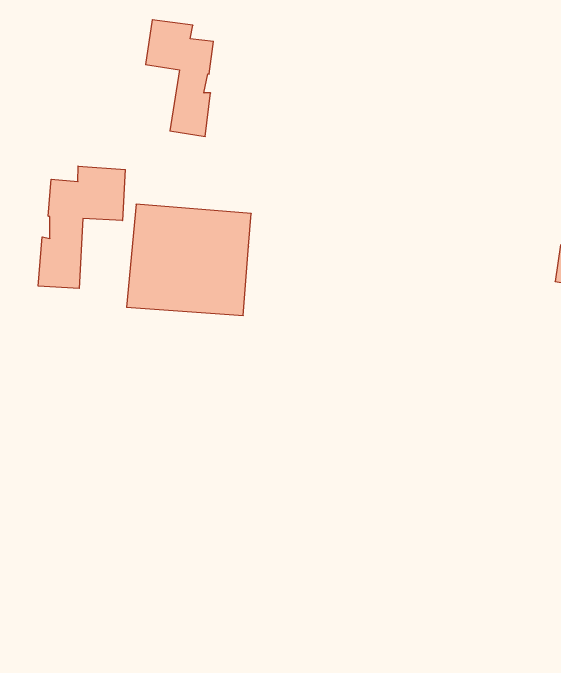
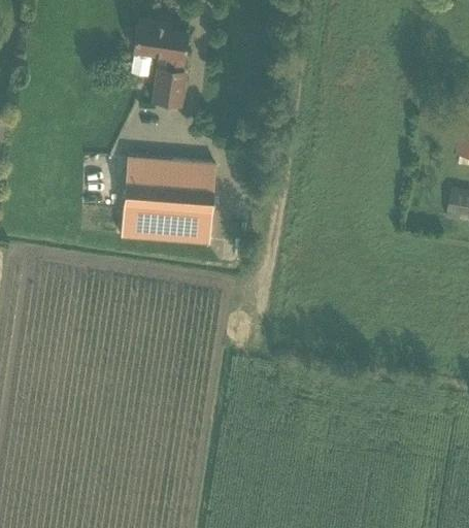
building: [38,166,125,288] -> none

